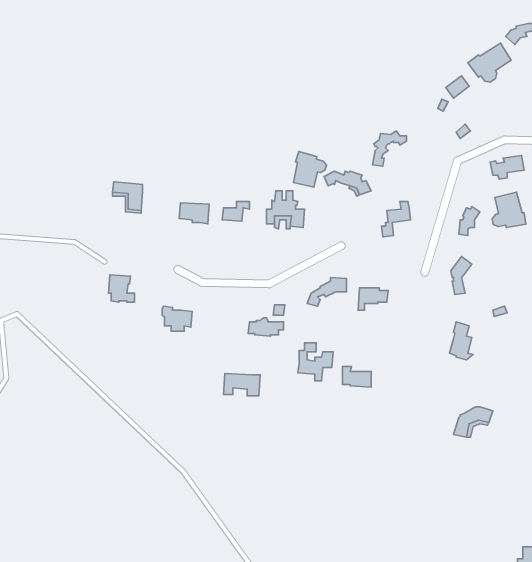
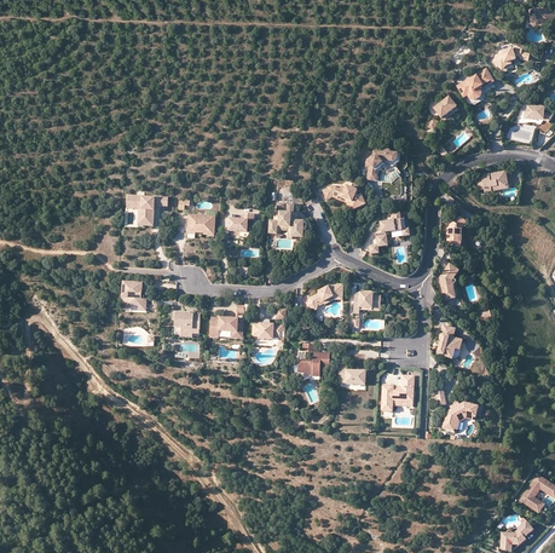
building: [294,151,327,187] -> none
building: [492,192,526,228] -> none
building: [224,373,260,396] -> [209,317,243,338]
building: none -> [382,375,415,410]

